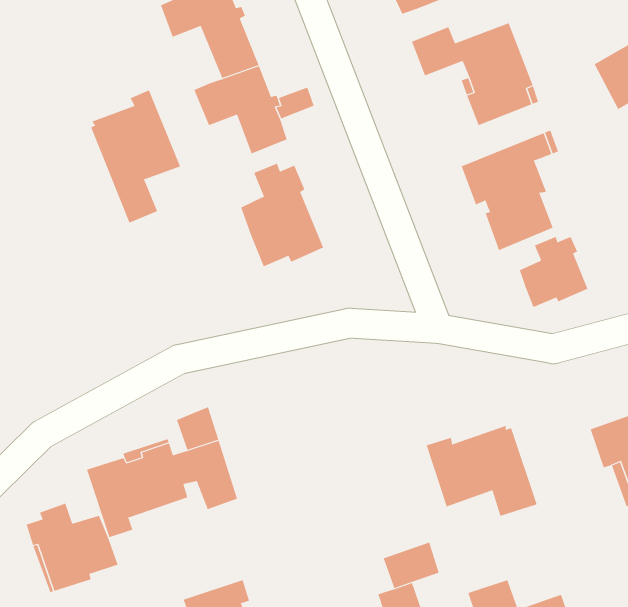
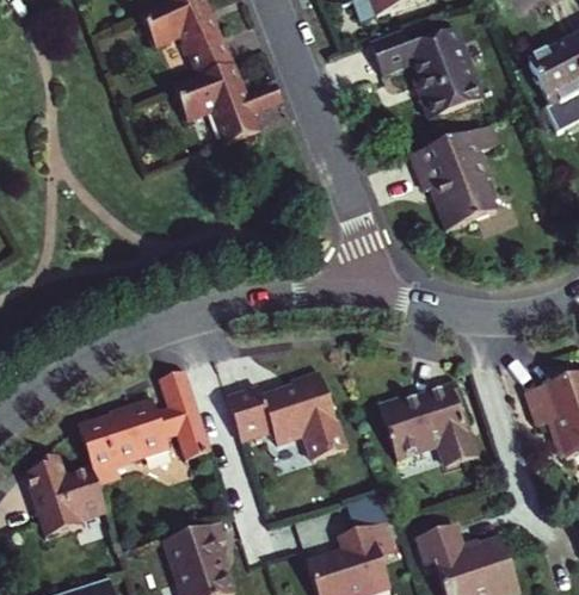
building: [90,89,181,223] -> none
building: [240,163,324,267] -> none
building: [519,236,588,308] -> none
building: none -> [227,371,350,469]

